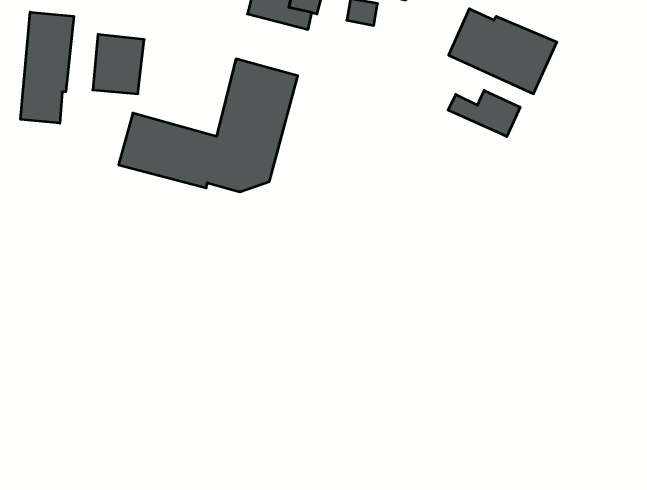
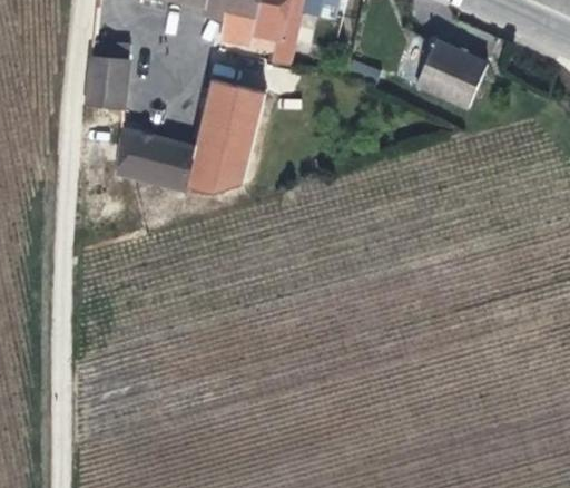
building: [21,12,74,123] -> none
building: [448,90,520,137] -> none

